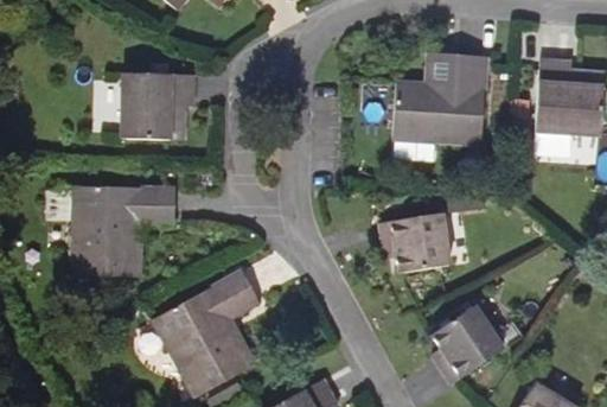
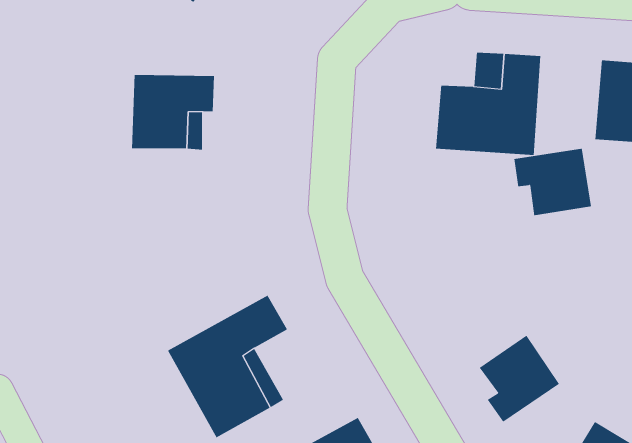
building: [49,185,177,276] -> none
building: [381,212,451,273] -> [513,148,592,216]

